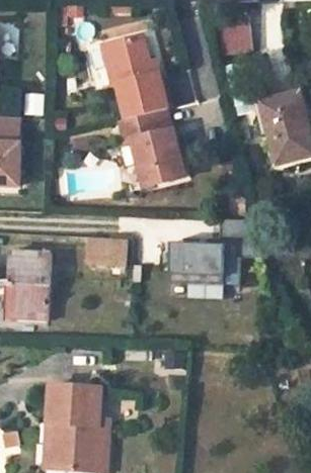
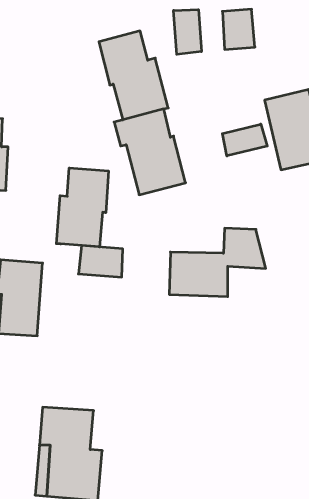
building: none -> [174,10,201,54]
building: none -> [222,124,267,156]
building: none -> [56,168,108,247]

